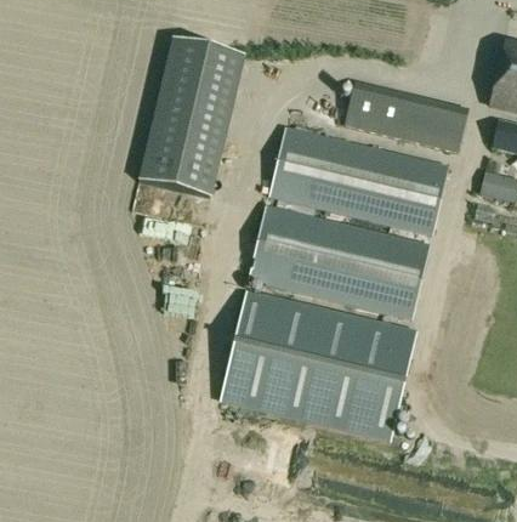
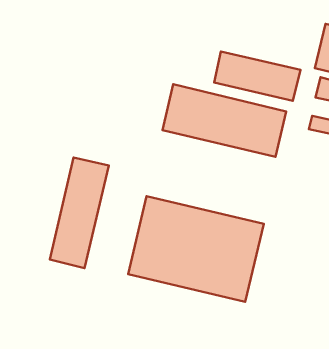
building: [138,36,246,197] -> none
building: [249,204,431,318] -> none
building: none -> [50,158,109,268]

